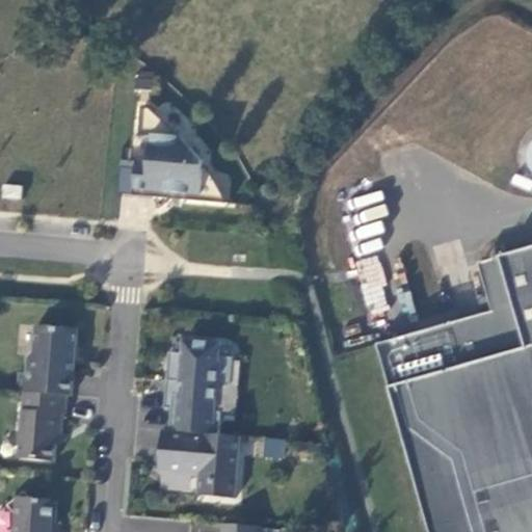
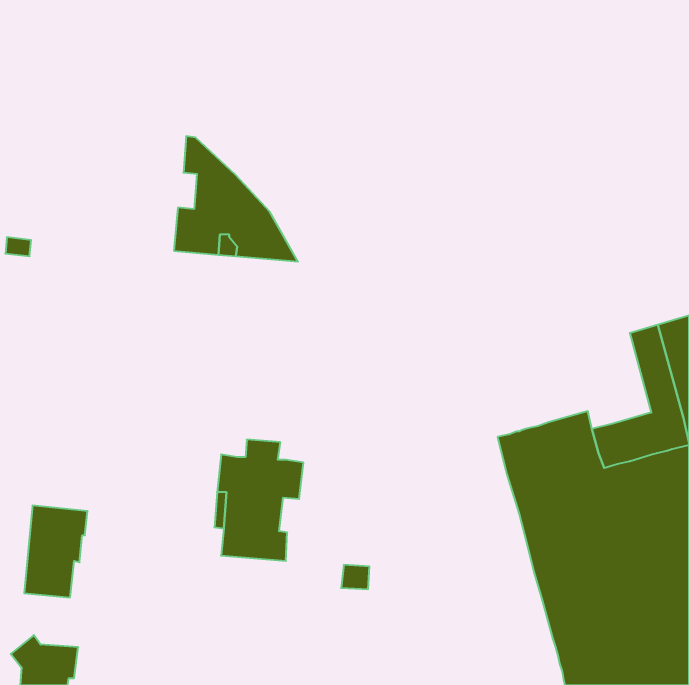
building: [19,324,78,394] -> none
building: [160,428,241,497] -> none

